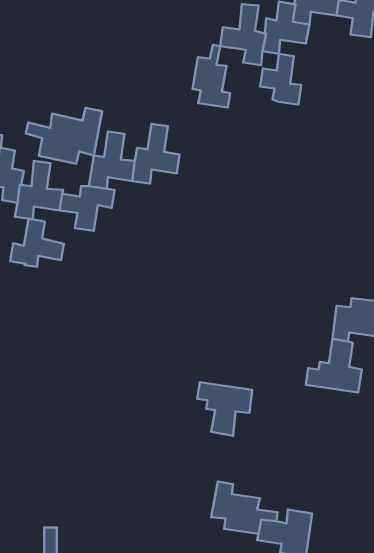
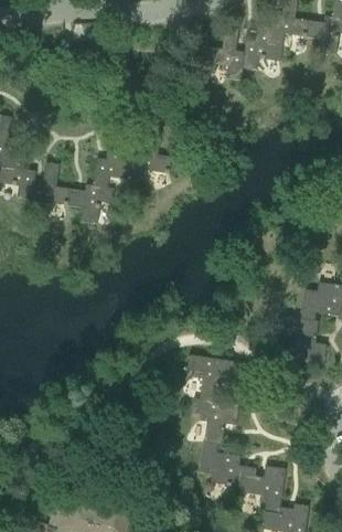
building: [193,45,230,108] -> none
building: [260,54,301,104] -> none
building: [26,108,102,164] -> none
building: [10,219,64,267] -> none
building: none -> [191,396,238,444]

